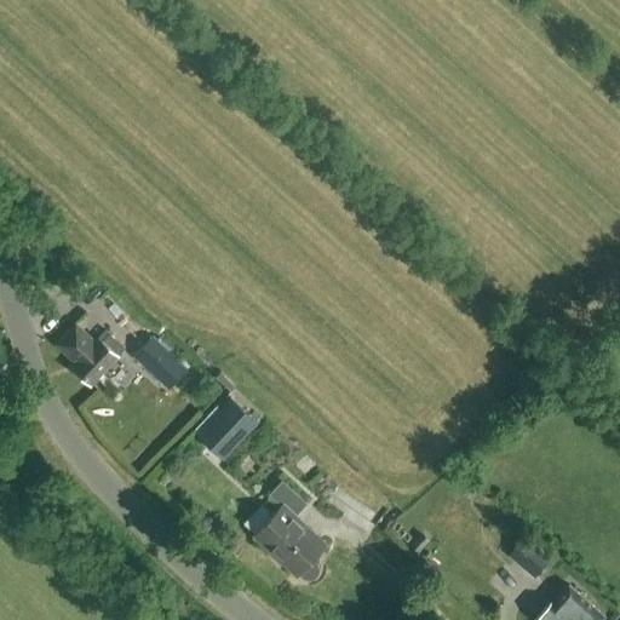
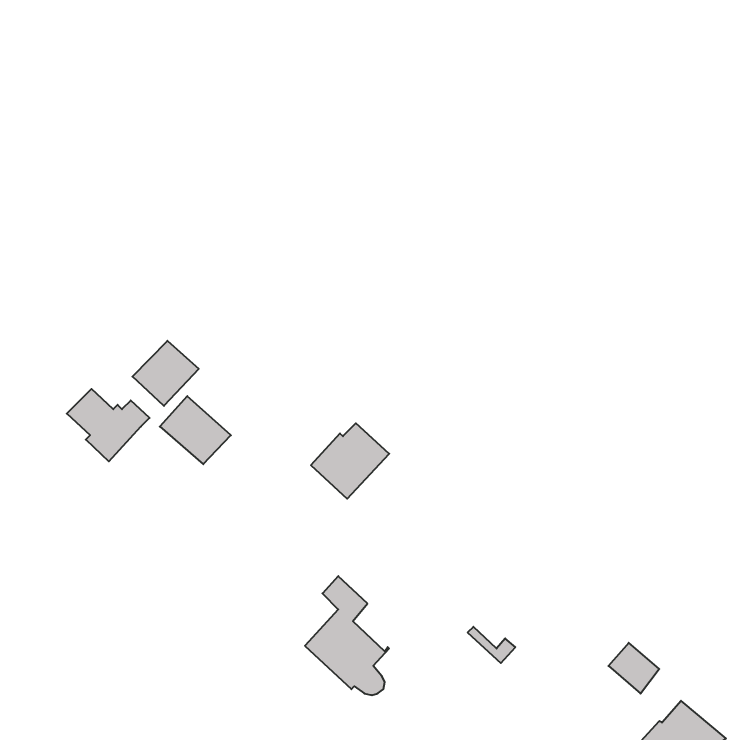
building: none -> [132,341,199,406]
building: [193,398,258,461] -> [311,423,389,499]

